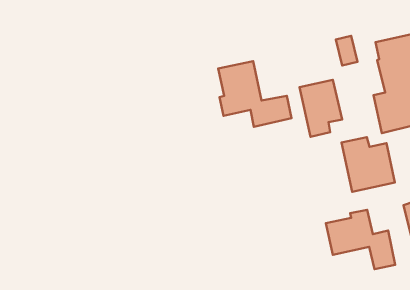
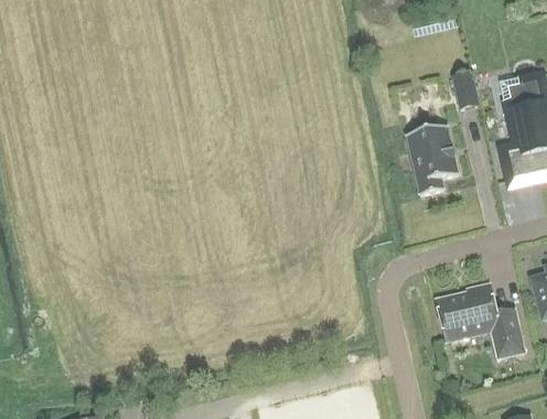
building: [218,61,292,127] -> none
building: [341,137,395,192] -> none

